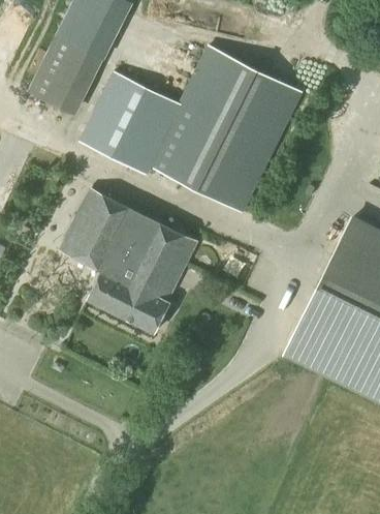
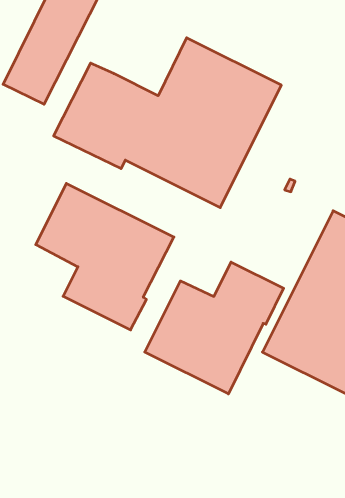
building: none -> [145,262,284,394]

